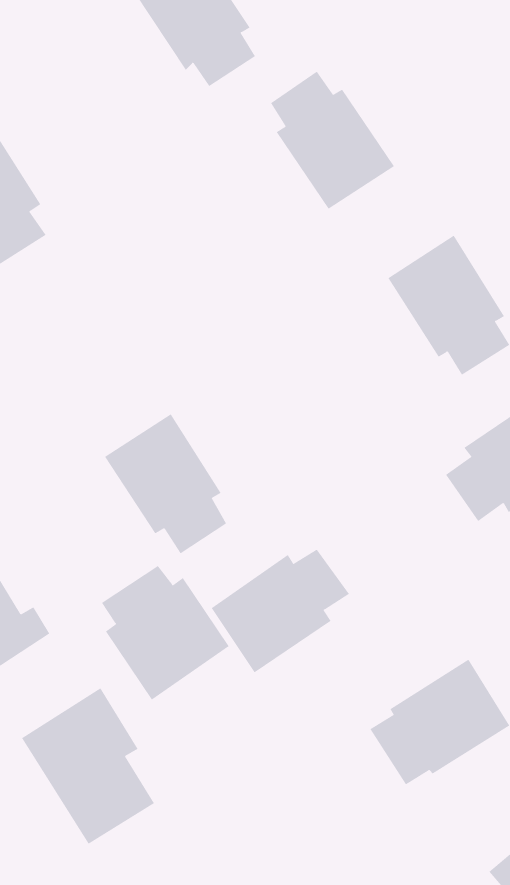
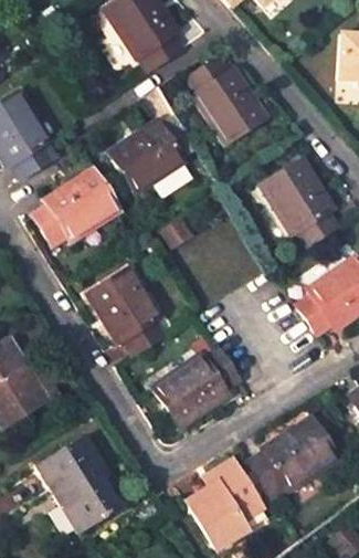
building: none -> [102,113,196,203]
building: none -> [33,168,118,243]
building: [101,565,230,700] -> none
building: none -> [187,459,262,547]

